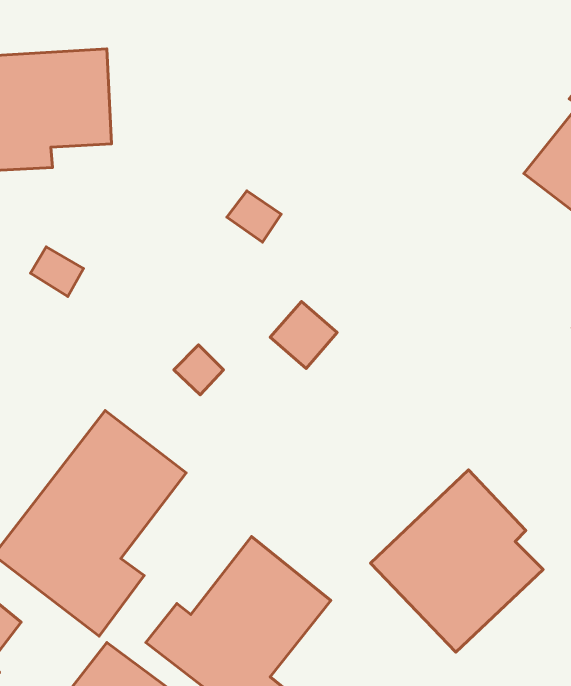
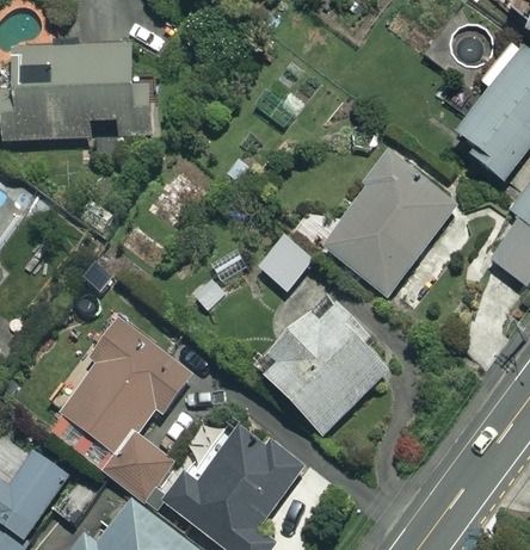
building: none -> [323,153,458,295]
building: [370,470,543,652] -> [255,292,388,432]

